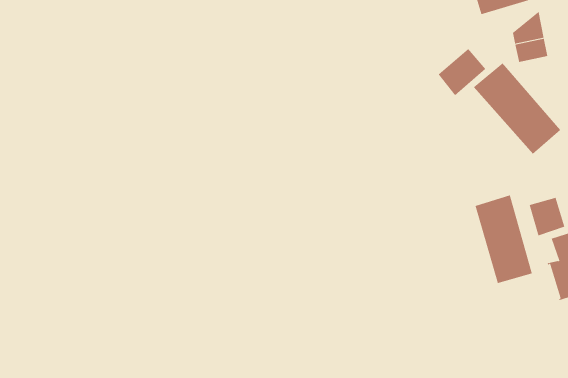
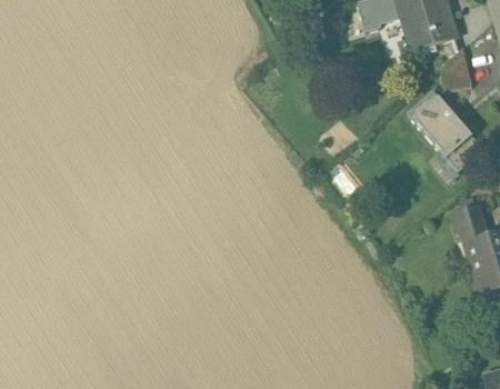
building: [438,48,486,96] -> none
building: [475,194,532,284] -> none

